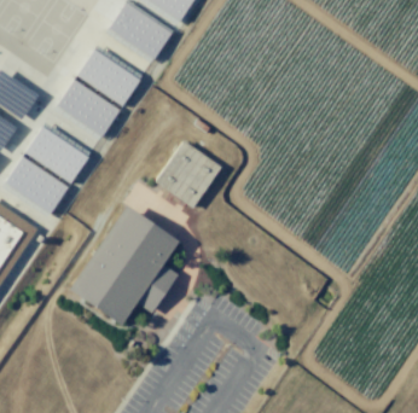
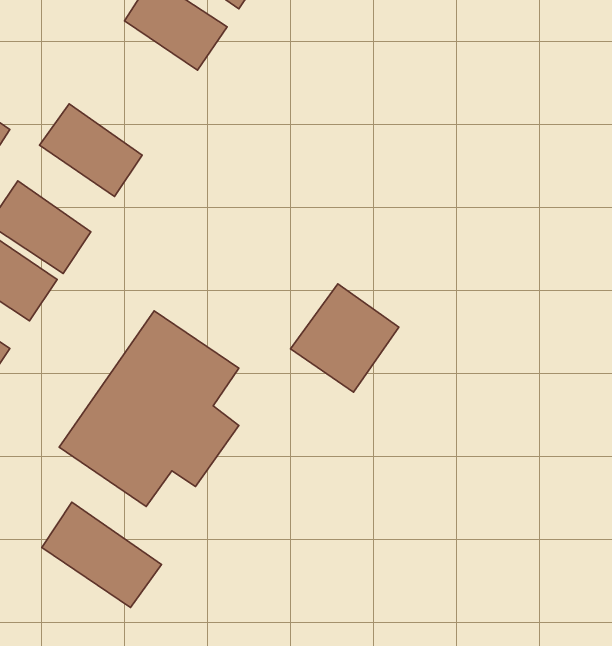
building: [77,50,140,106] -> none
building: [156,141,222,208] -> [290,284,399,392]
building: none -> [42,502,161,608]

